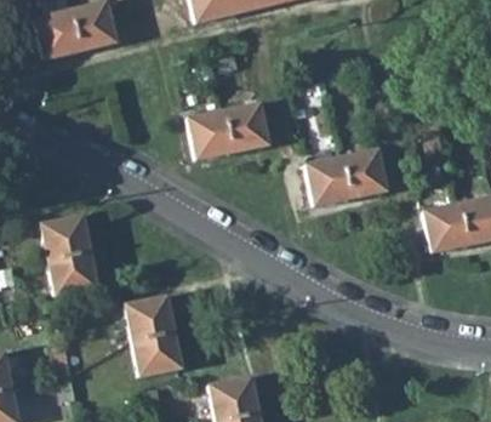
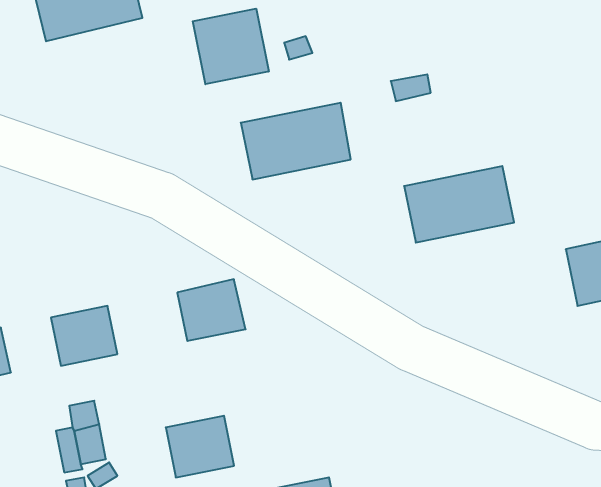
building: none -> [193,9,269,84]
building: [42,215,91,260] -> none
building: [126,295,176,340] -> [177,279,246,341]

